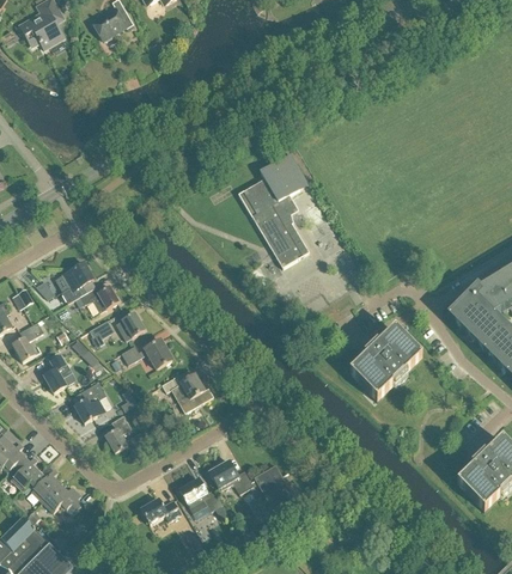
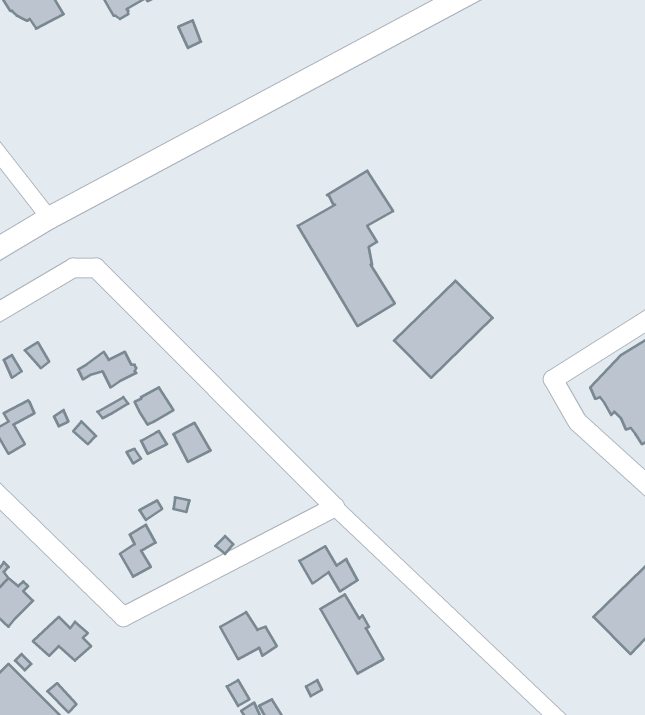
building: [60,262,93,304] -> none
building: [348,329,421,401] -> [394,281,493,378]
building: [43,355,72,393] -> none
building: [161,374,213,413] -> none
building: [74,383,105,423] -> none
building: [209,462,252,495] -> [299,546,358,591]
building: [28,469,60,501] -> none
building: [140,499,181,525] -> none

